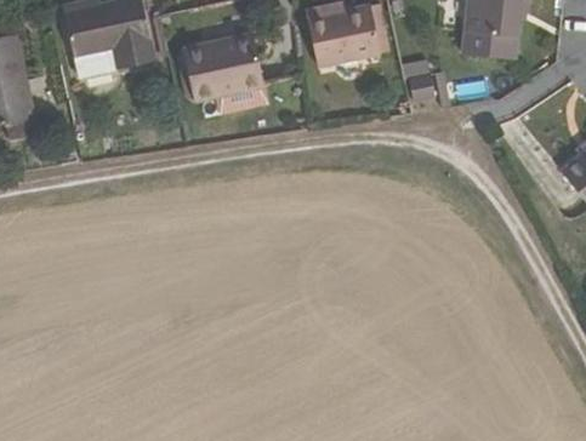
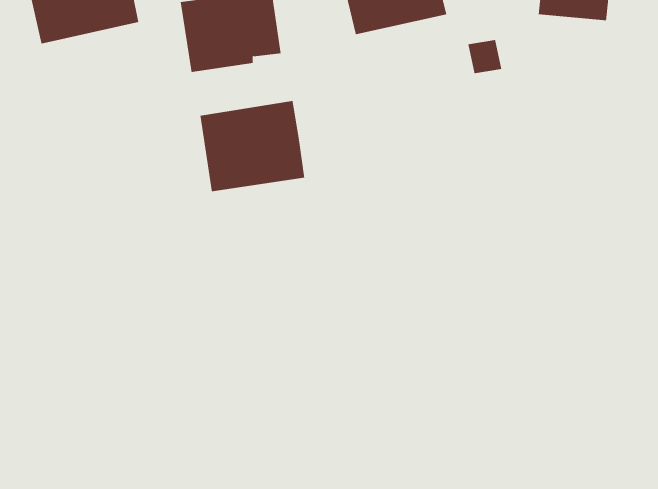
building: none -> [200,100,305,192]

